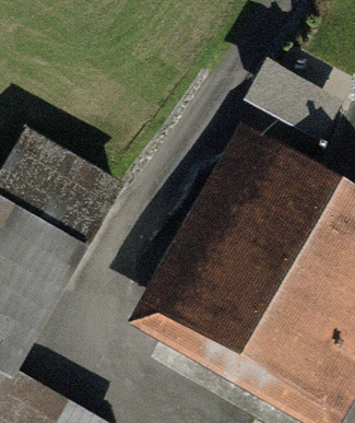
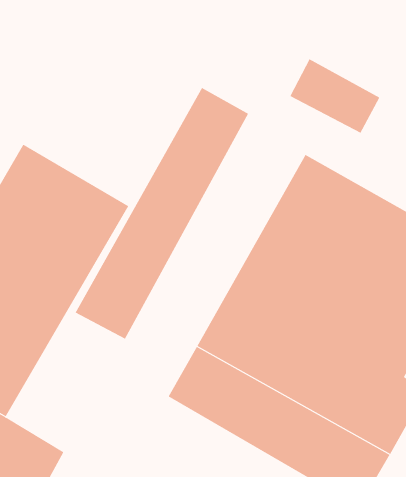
building: none -> [75,87,249,340]

